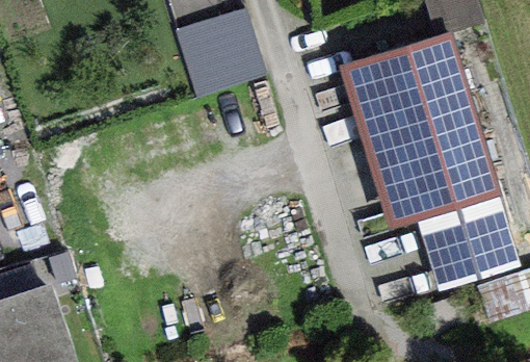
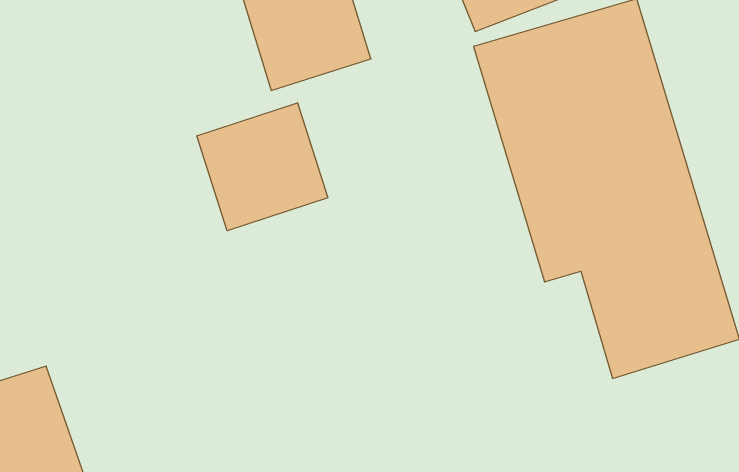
building: none -> [197,103,328,231]

